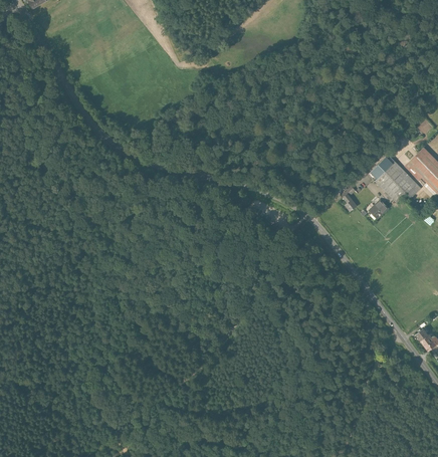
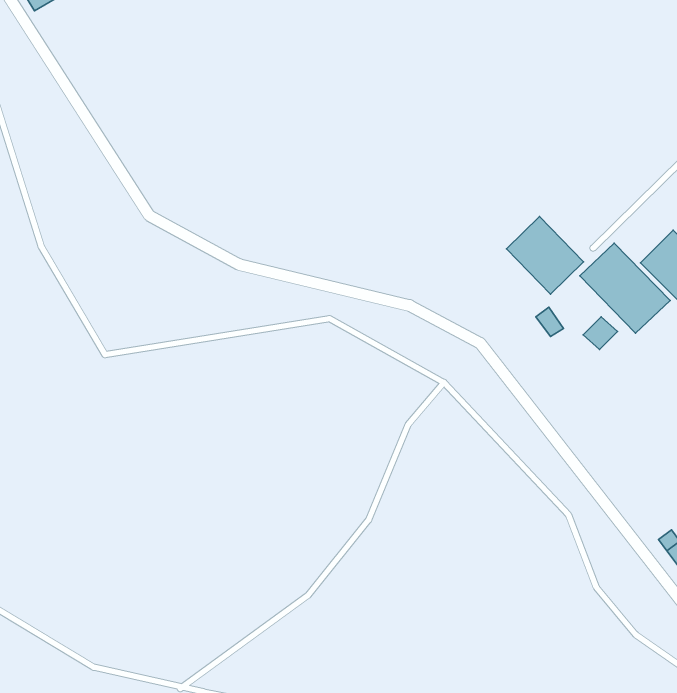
building: none -> [506,217,584,294]

